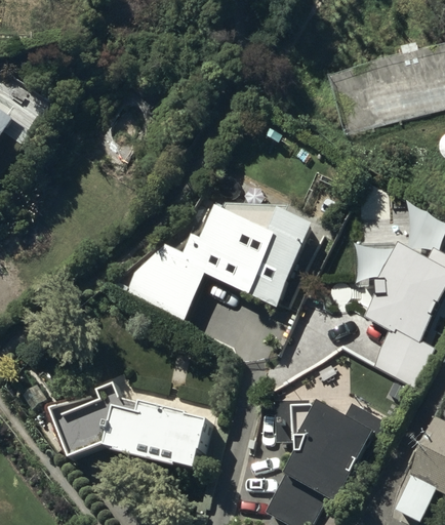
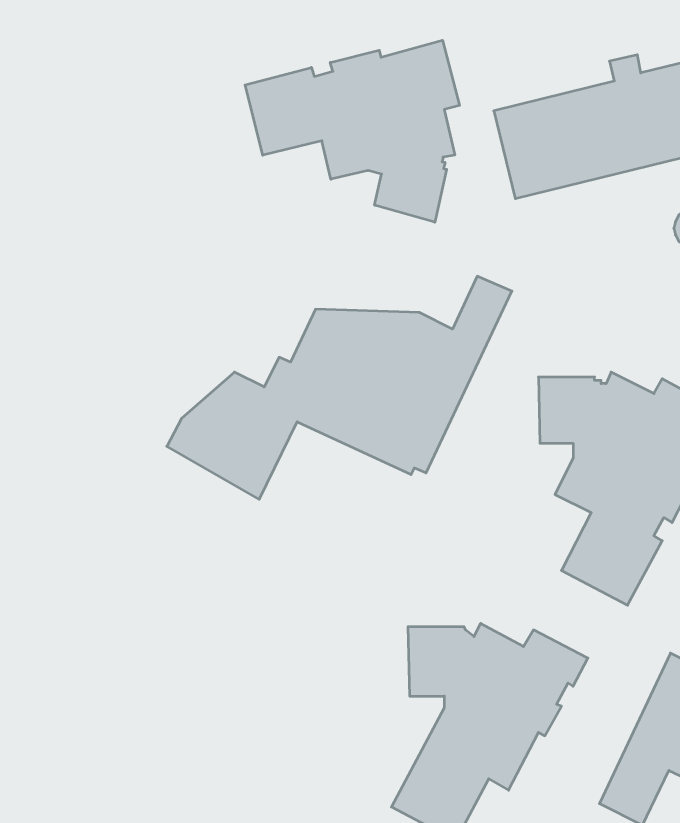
building: none -> [245,40,460,222]
building: [49,382,211,467] -> none

